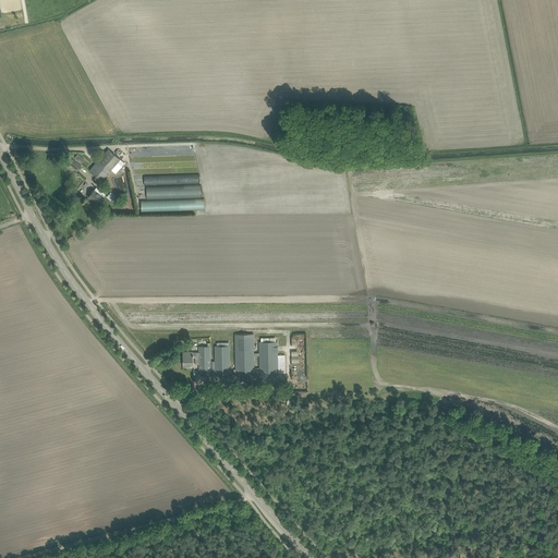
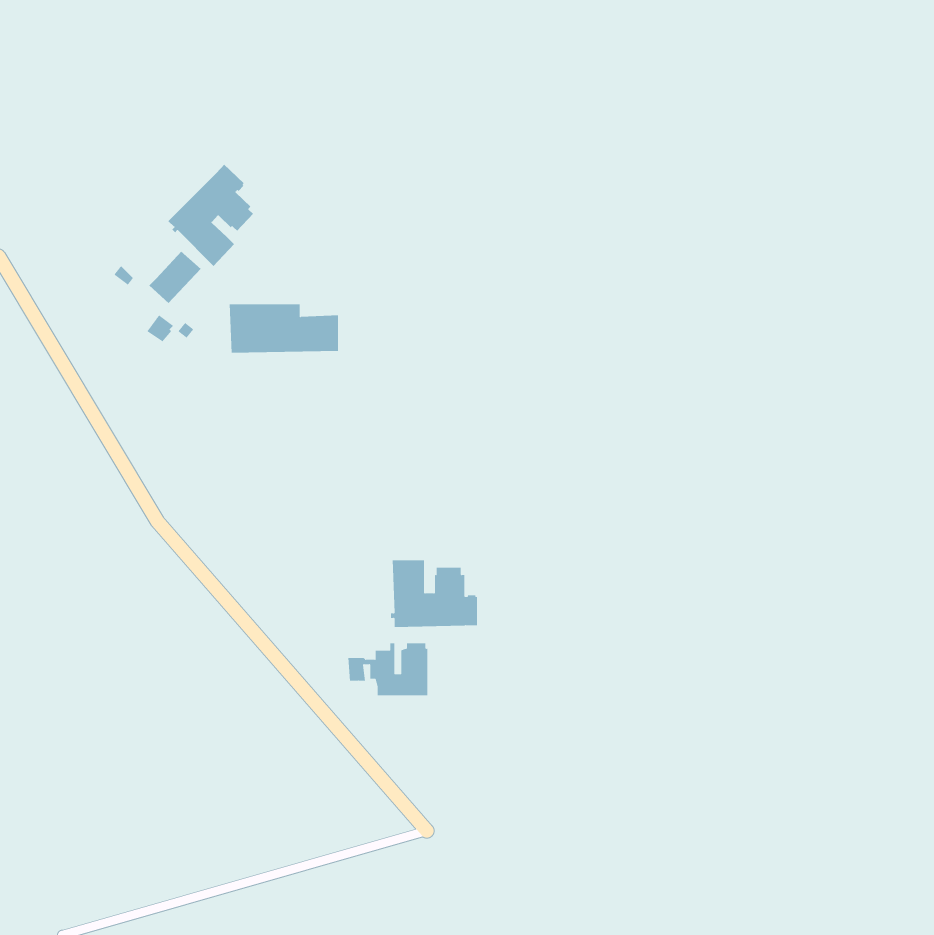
building: none -> [167,164,254,267]
building: [181,342,229,374] -> [347,643,428,696]

